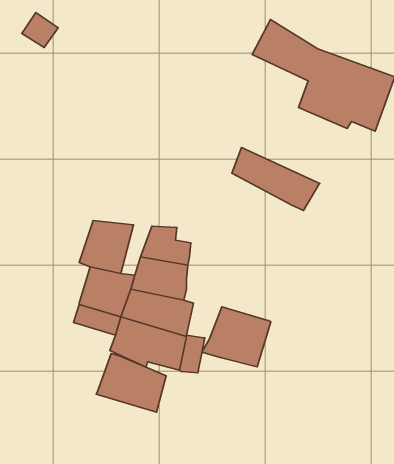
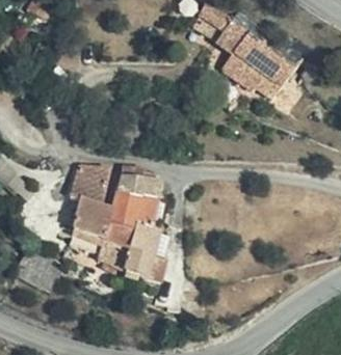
building: [232,148,320,211] -> none
building: [202,307,271,367] -> none
building: [96,353,166,412] -> none

